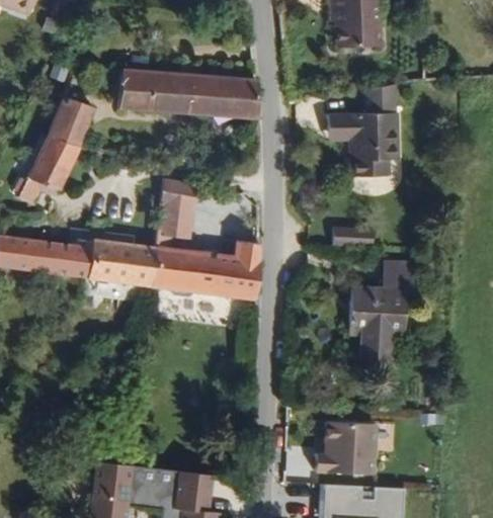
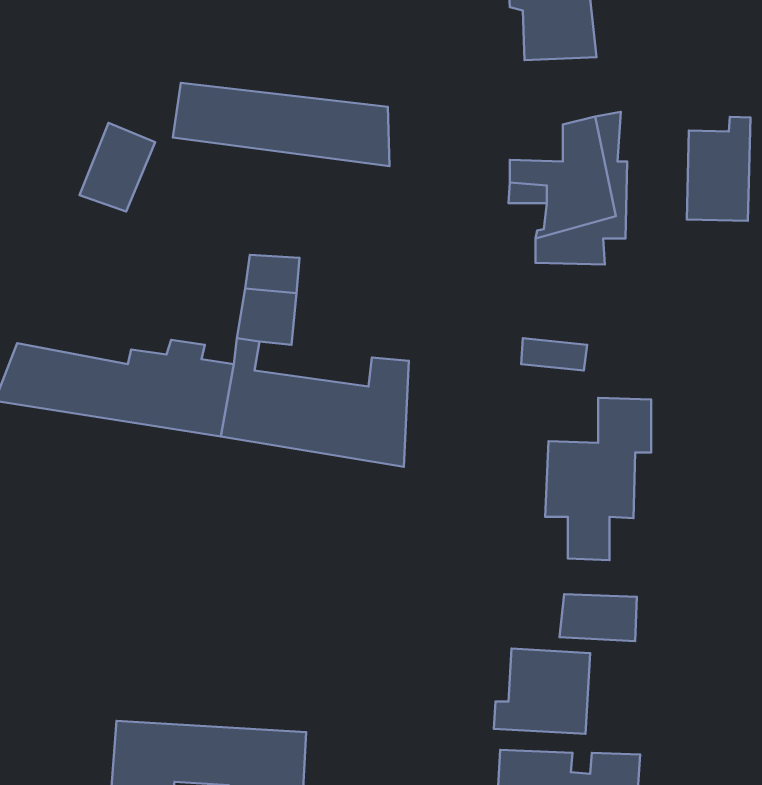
building: none -> [687,117,751,221]
building: [31,136,84,197] -> none
building: none -> [560,594,637,641]

